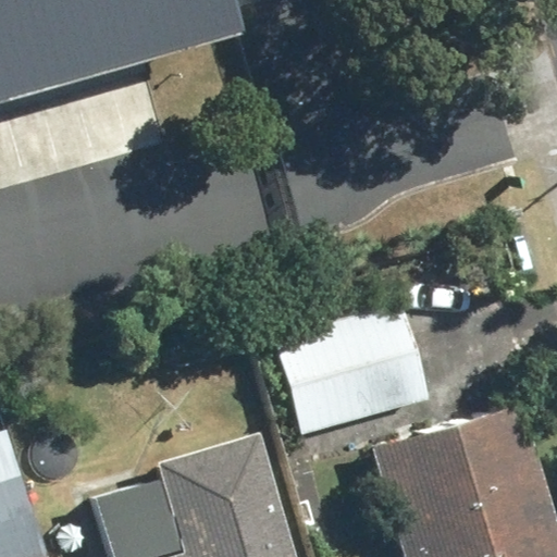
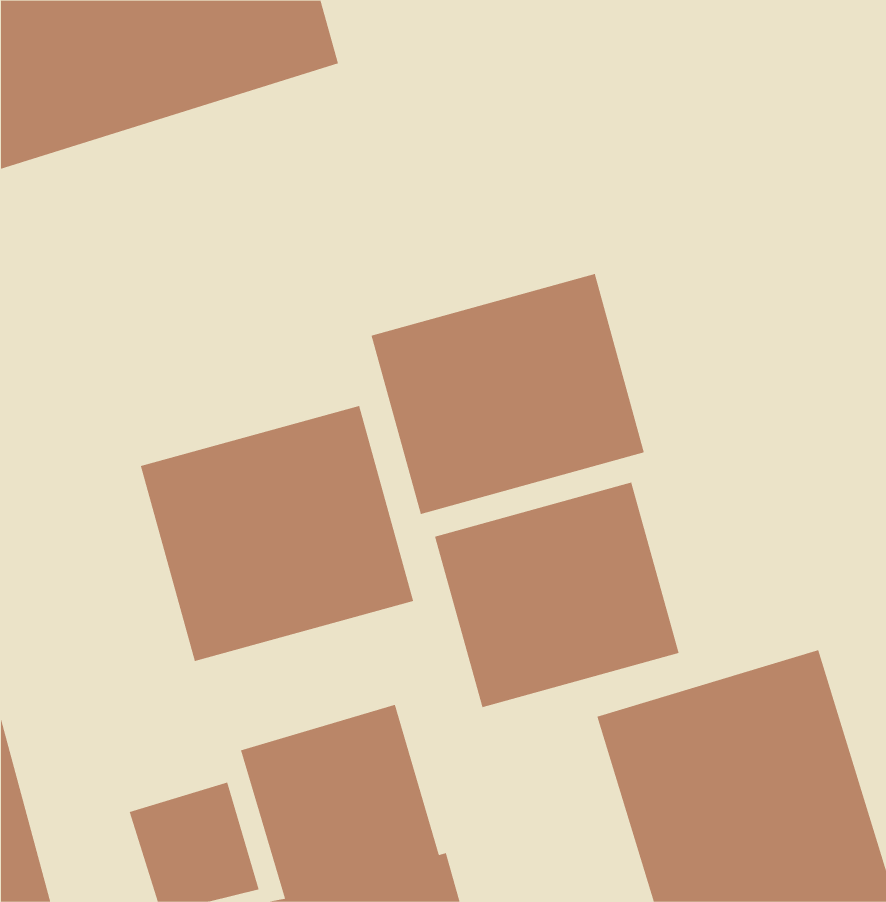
building: none -> [371,273,645,515]
building: none -> [140,405,414,662]

